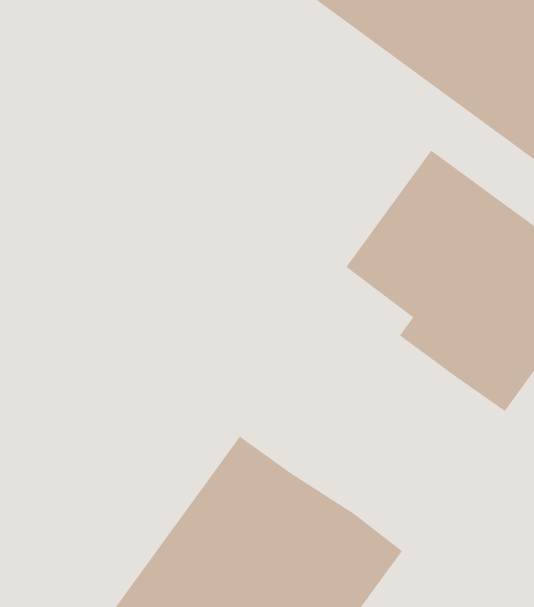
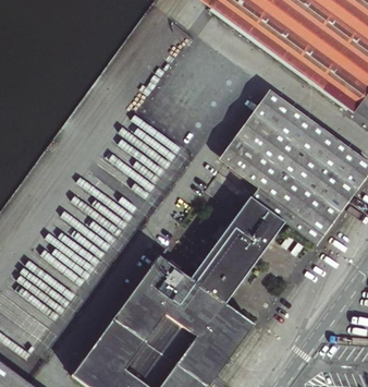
building: none -> [188,197,284,303]

